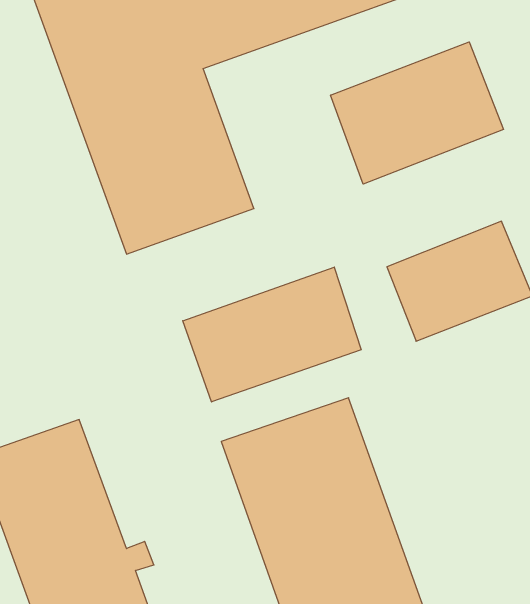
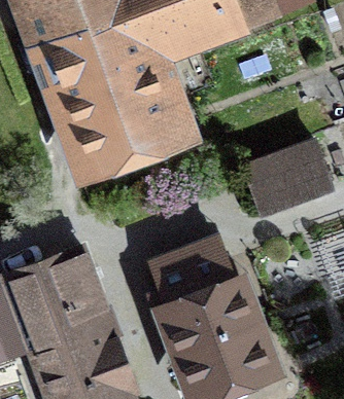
building: [331,42,503,184] -> none
building: [183,267,361,402] -> none

